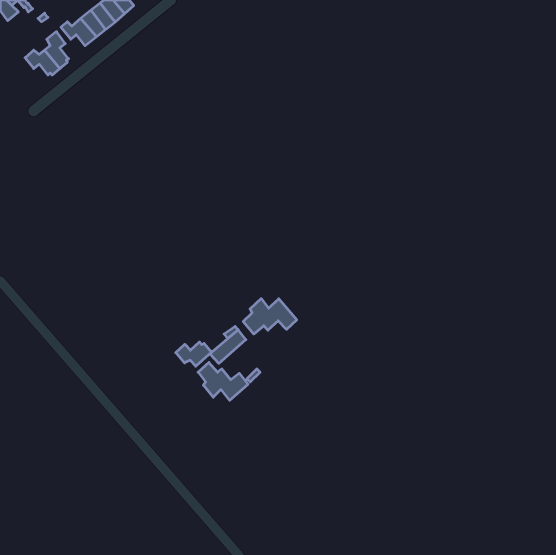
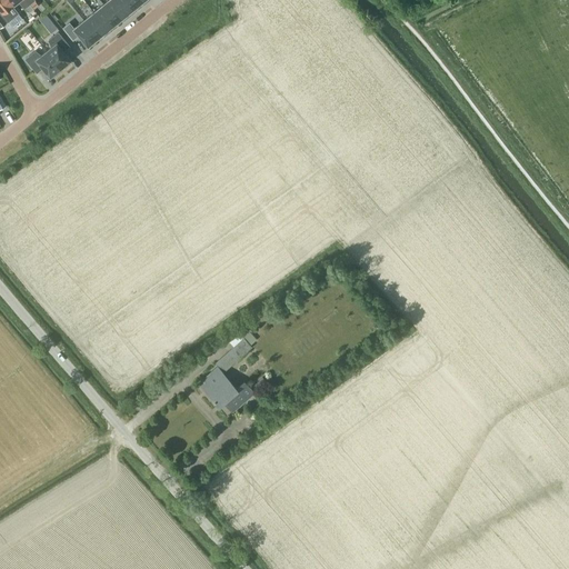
building: [243,299,297,334] -> none
building: [176,342,212,366] -> none

